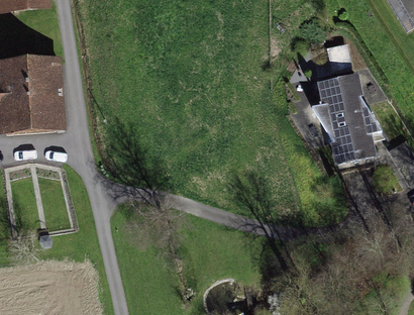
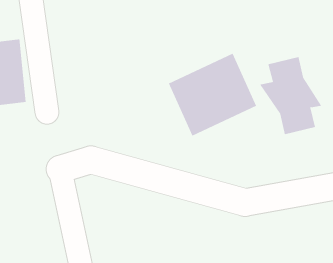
building: none -> [168,53,257,137]

